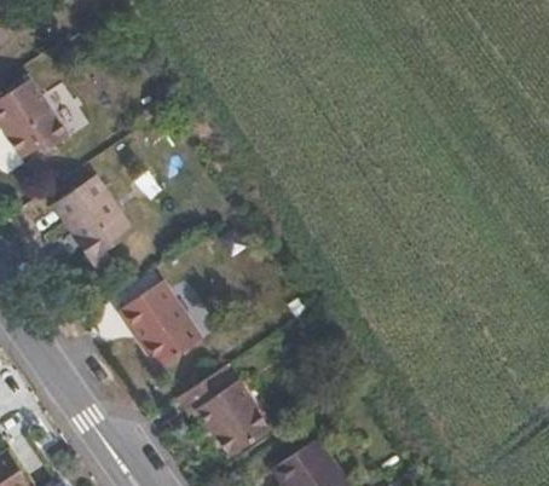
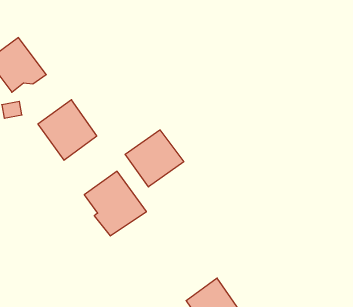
building: none -> [125,130,184,187]
building: [178,365,268,453] -> none

